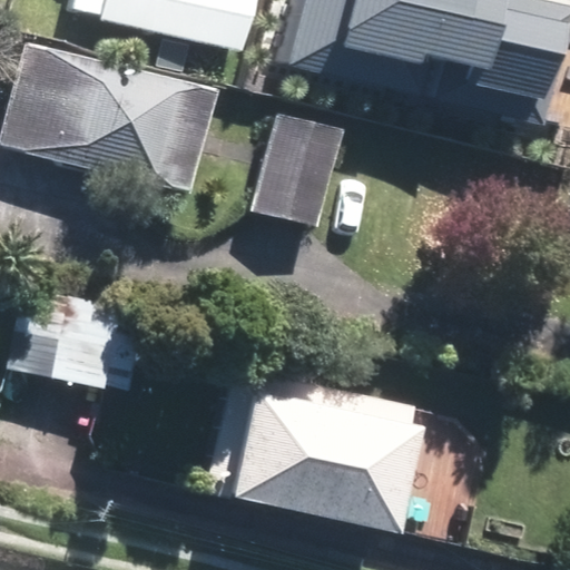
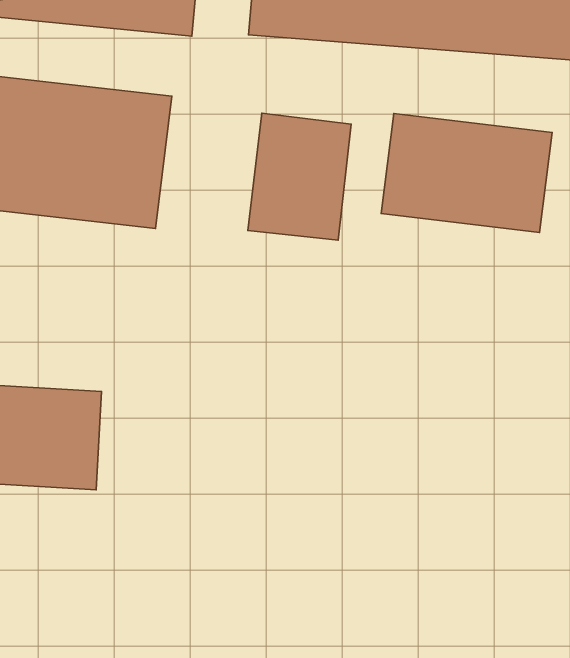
building: none -> [381,113,552,233]
building: [236,391,423,523] -> none

